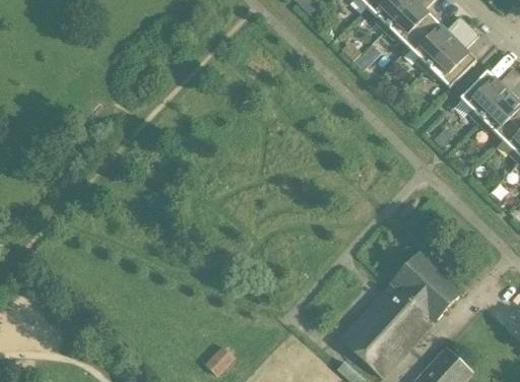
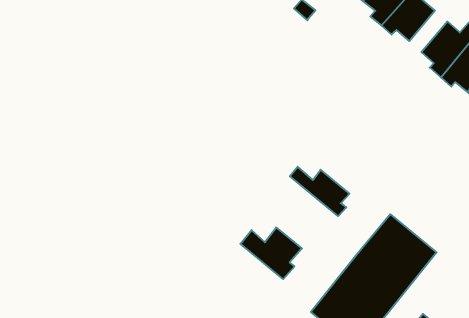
building: none -> [290,167,349,216]
building: none -> [240,227,302,279]

